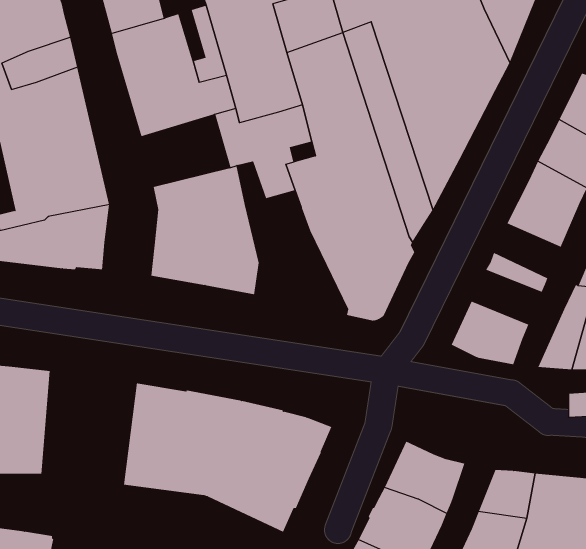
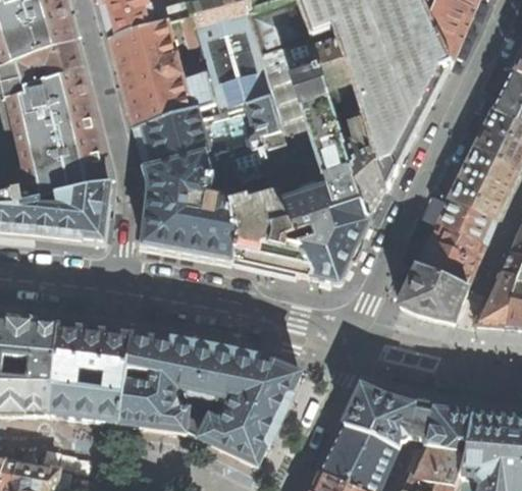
building: none -> [135,106,211,168]
building: none -> [224,171,312,278]
building: none -> [437,200,495,247]
building: none -> [418,239,479,286]
building: none -> [50,326,130,424]
building: none -> [401,405,438,446]

